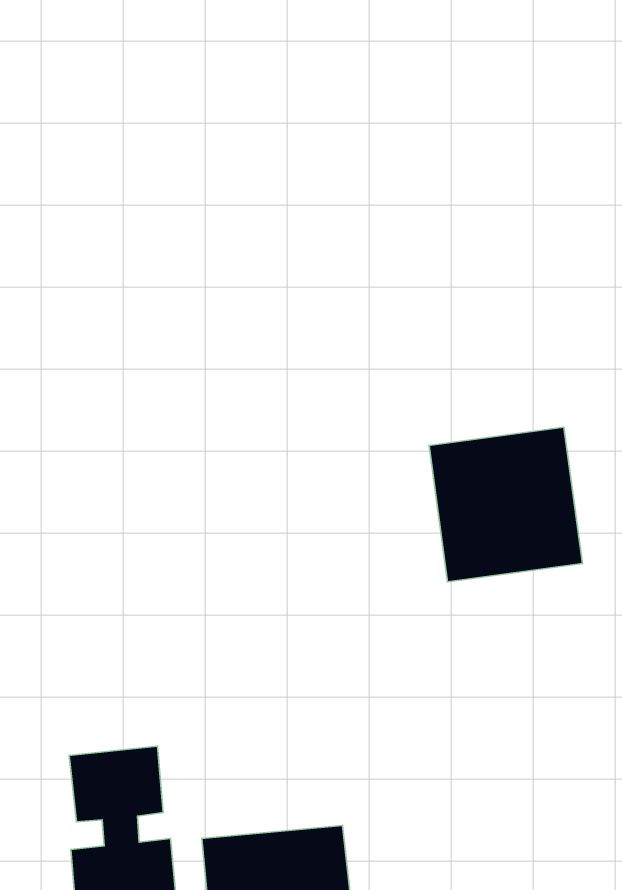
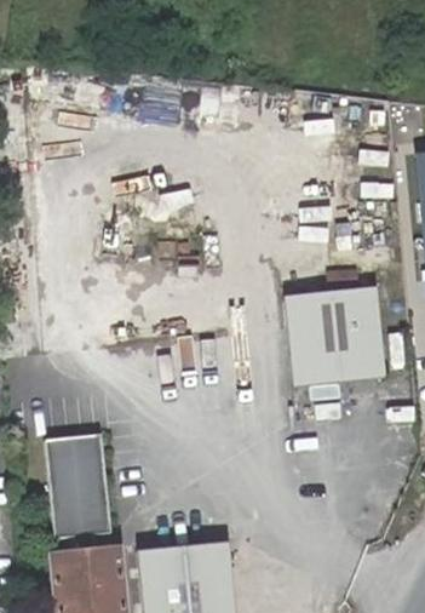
building: none -> [41,437,105,498]

